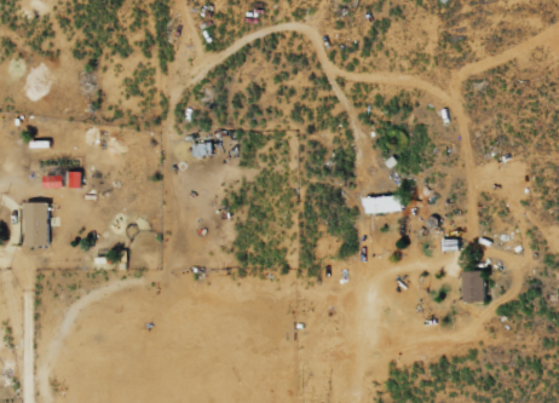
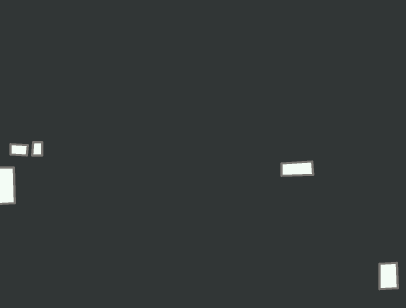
building: [461,270,483,301] -> [379,263,398,289]

